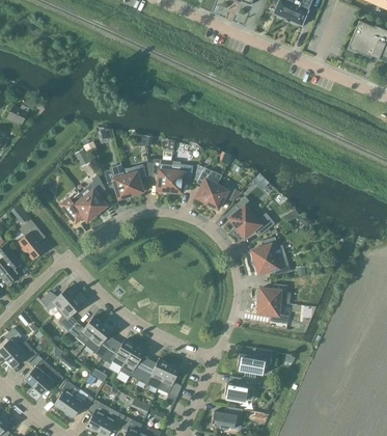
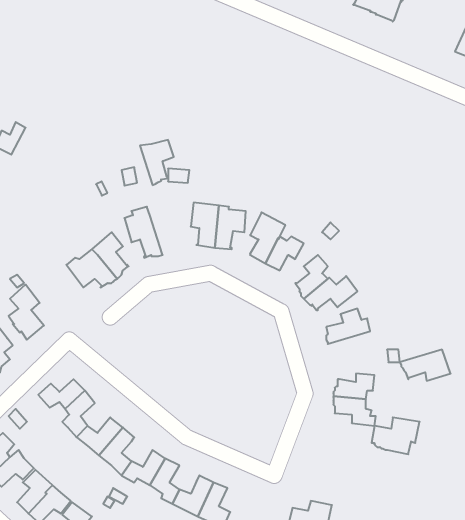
building: [122,164,147,197] -> [140,140,174,185]
building: [253,253,291,276] -> [400,350,451,381]
building: [238,348,273,375] -> [372,417,420,454]

